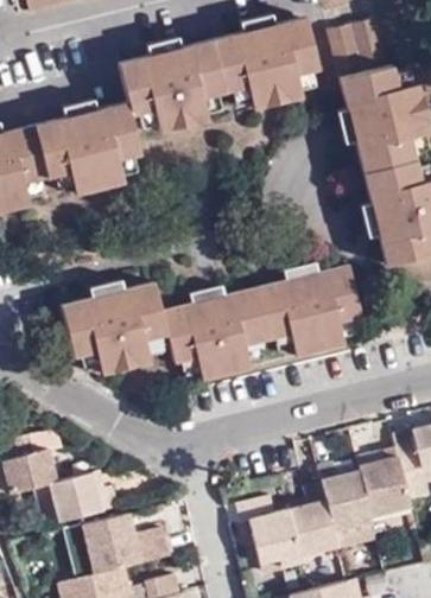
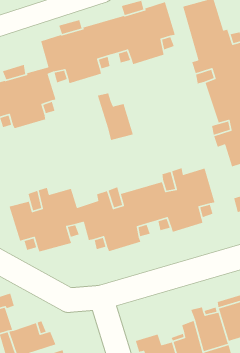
building: none -> [97,93,134,141]

